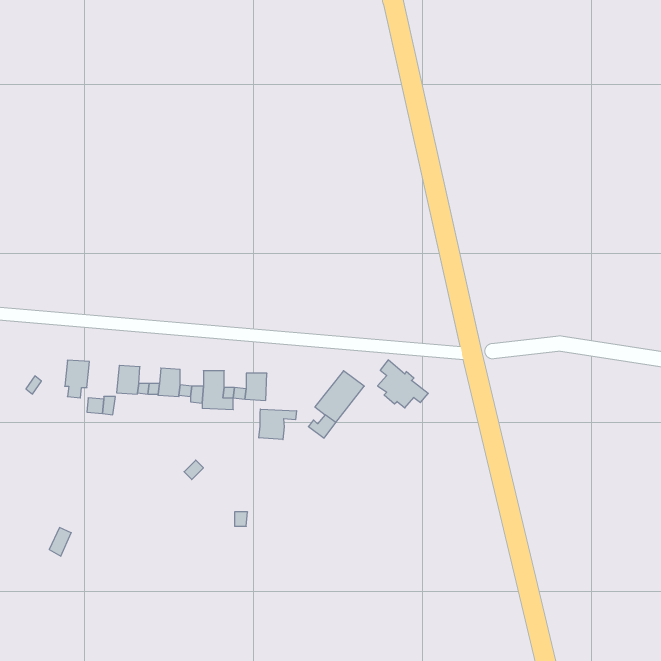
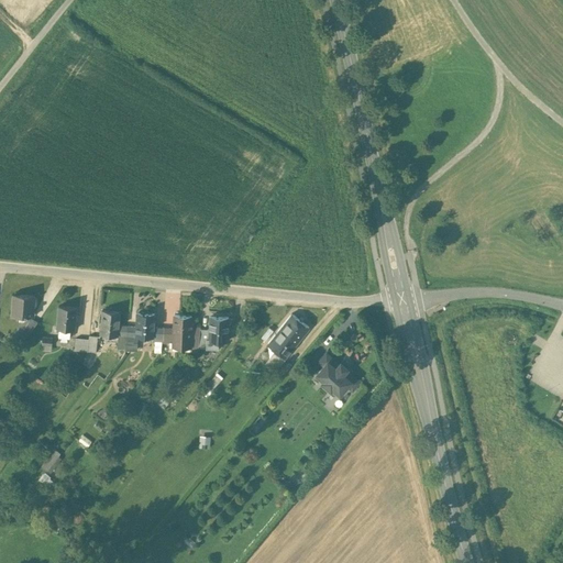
building: none -> [10,296,34,318]
building: [378,360,428,408] -> [316,353,358,394]
building: [259,409,297,440] -> none

